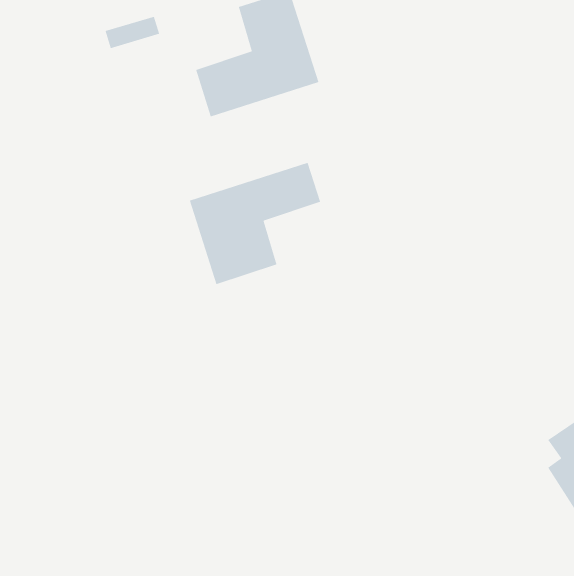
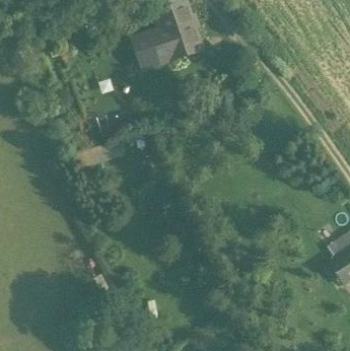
building: [189,162,321,285] -> none

